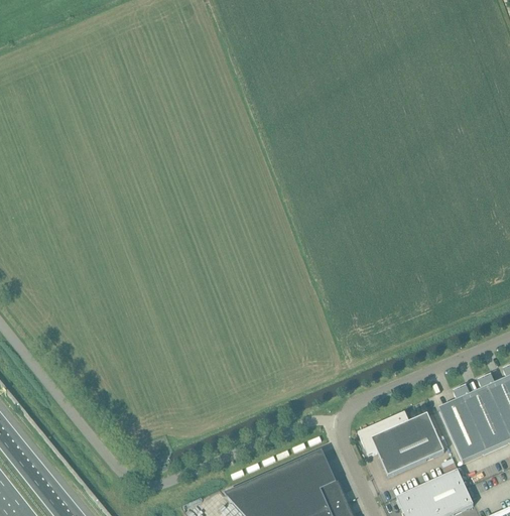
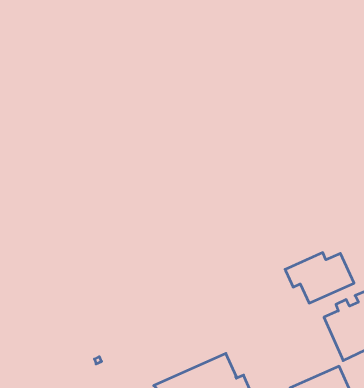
building: [358,413,444,477] -> [285,253,354,303]

